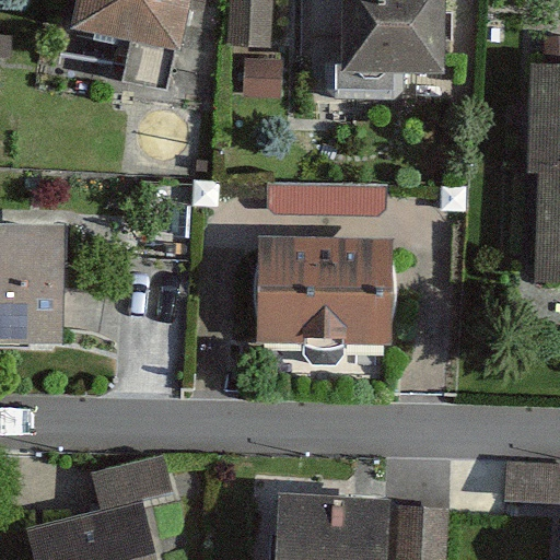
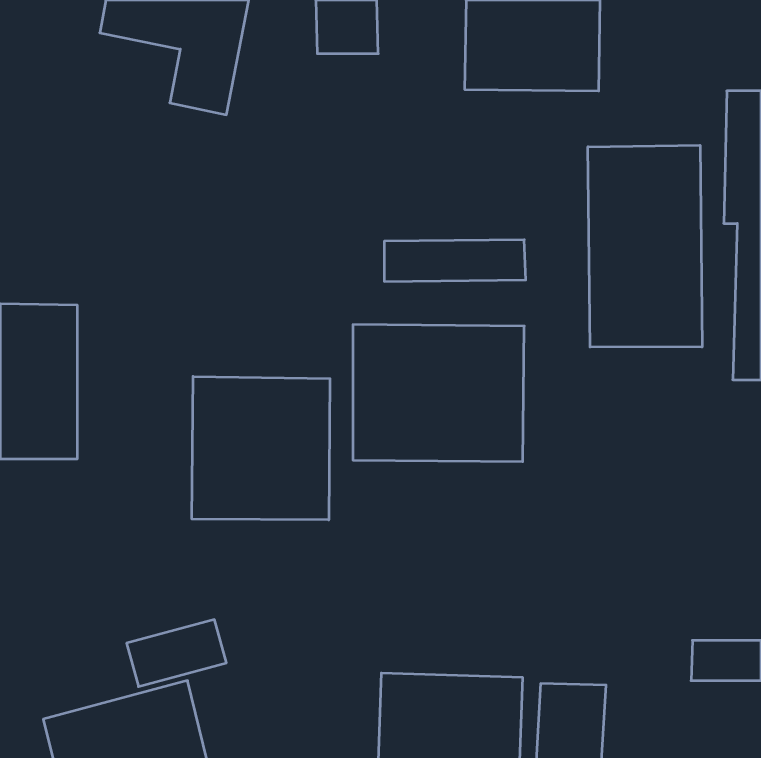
building: none -> [588,145,702,347]
building: none -> [192,376,330,520]

